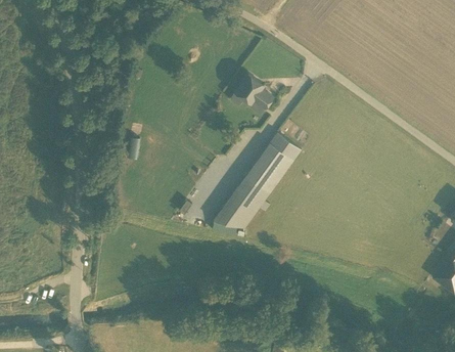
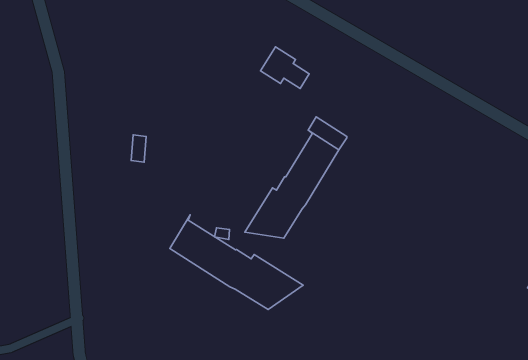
building: none -> [170,215,303,310]

